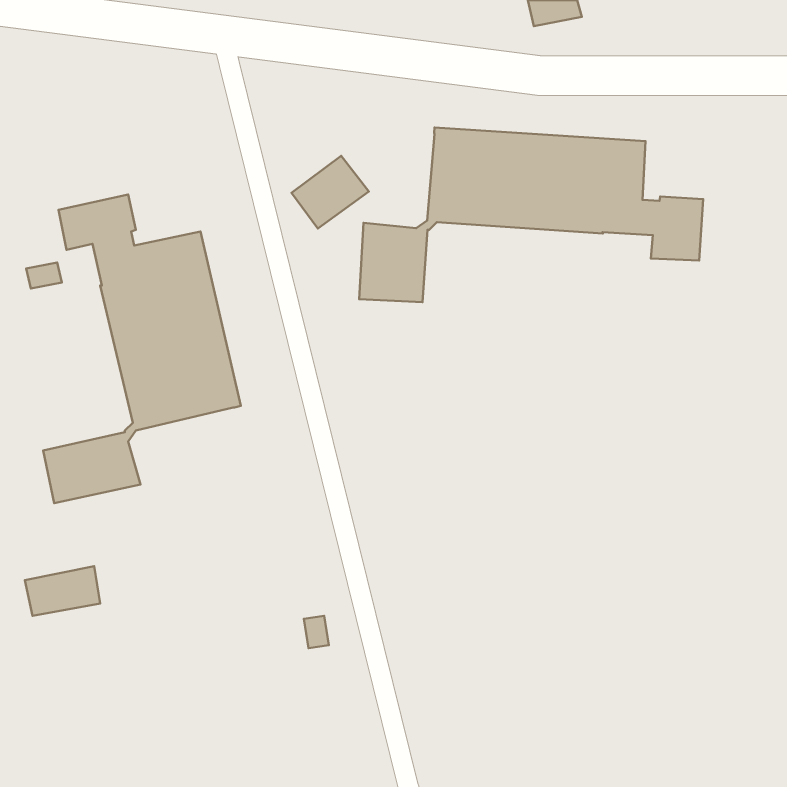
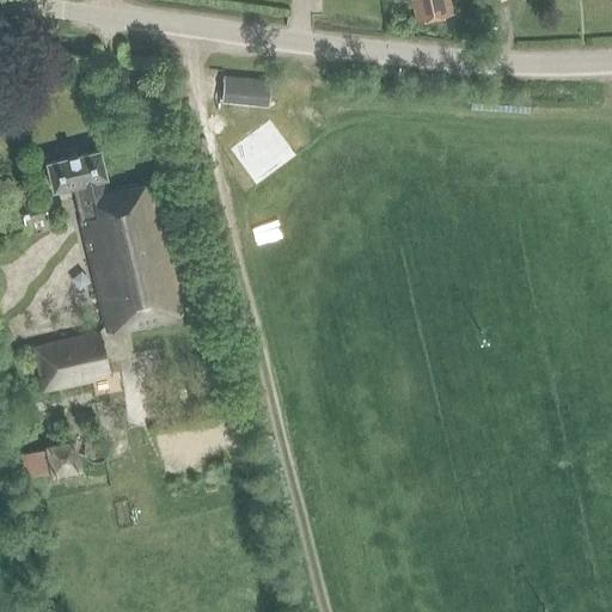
building: none -> [221,75,267,104]
building: [359,127,703,302] -> none

